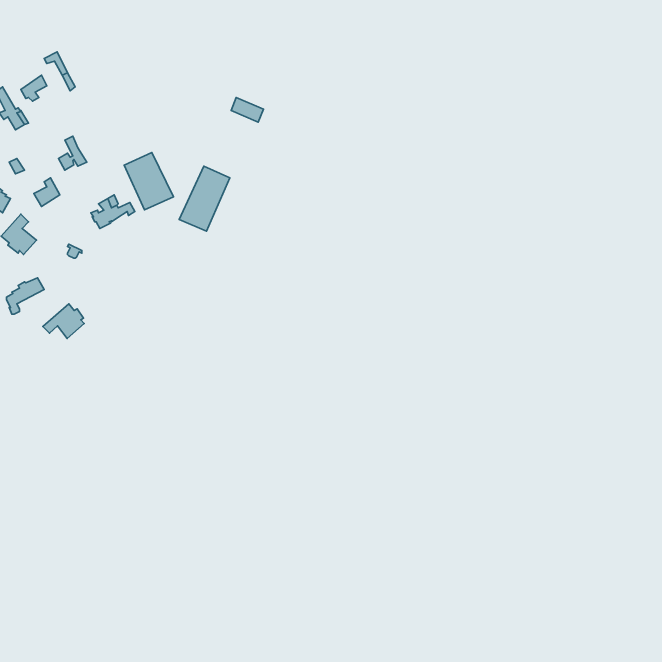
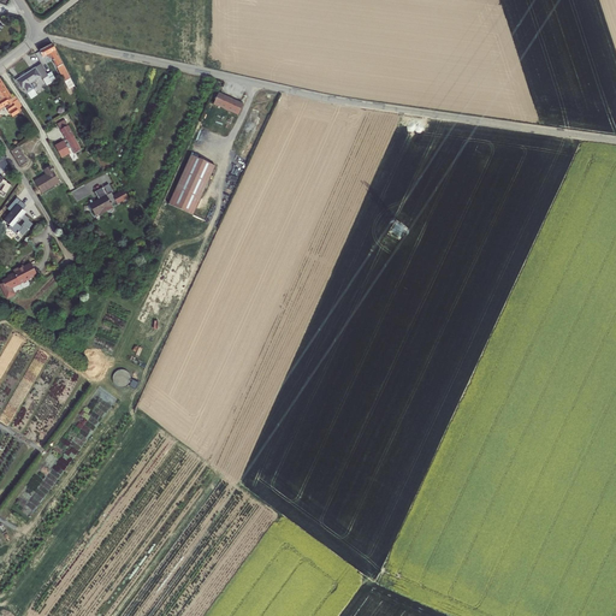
building: [124,152,174,210] -> none
building: [43,304,84,338] -> none

